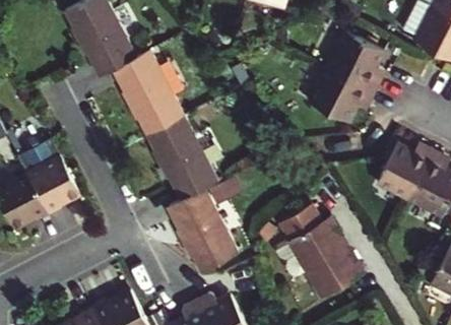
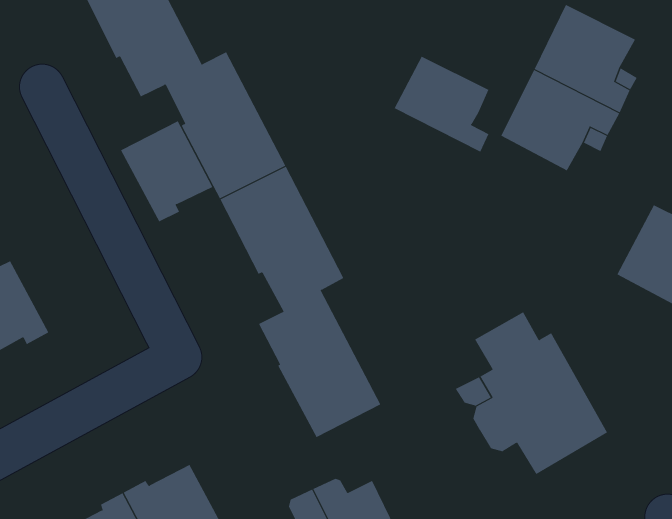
building: none -> [394,56,489,153]
building: [24,155,78,214] -> [120,120,213,222]

